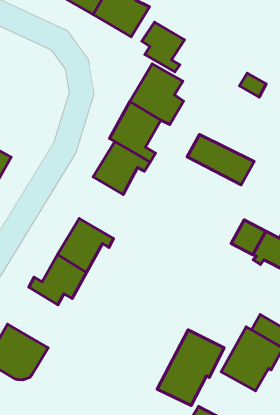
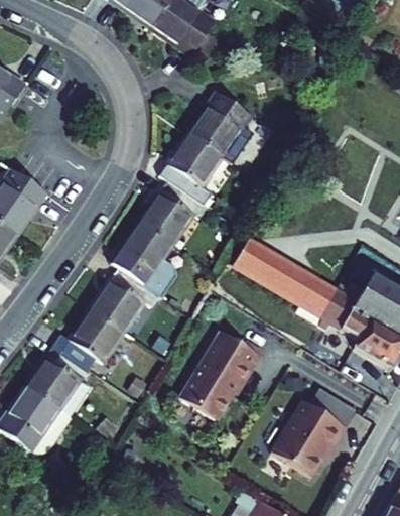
building: [142,22,185,72] -> none
building: [187,134,254,185] -> [235,242,312,304]
building: none -> [112,215,176,291]
building: none -> [27,338,100,410]
building: [157,330,224,406] -> [179,333,261,421]

